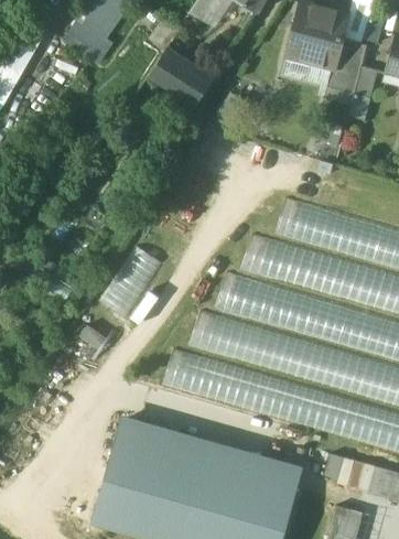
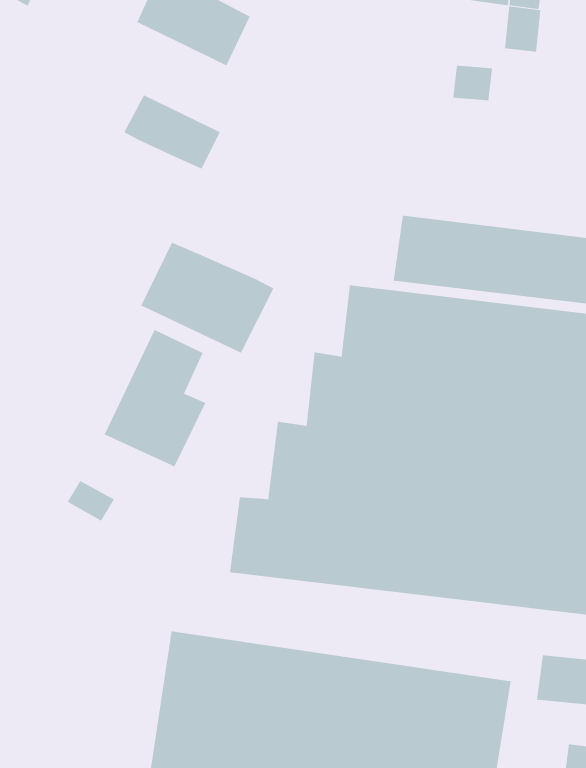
building: none -> [124,94,221,169]
building: none -> [141,242,274,353]

